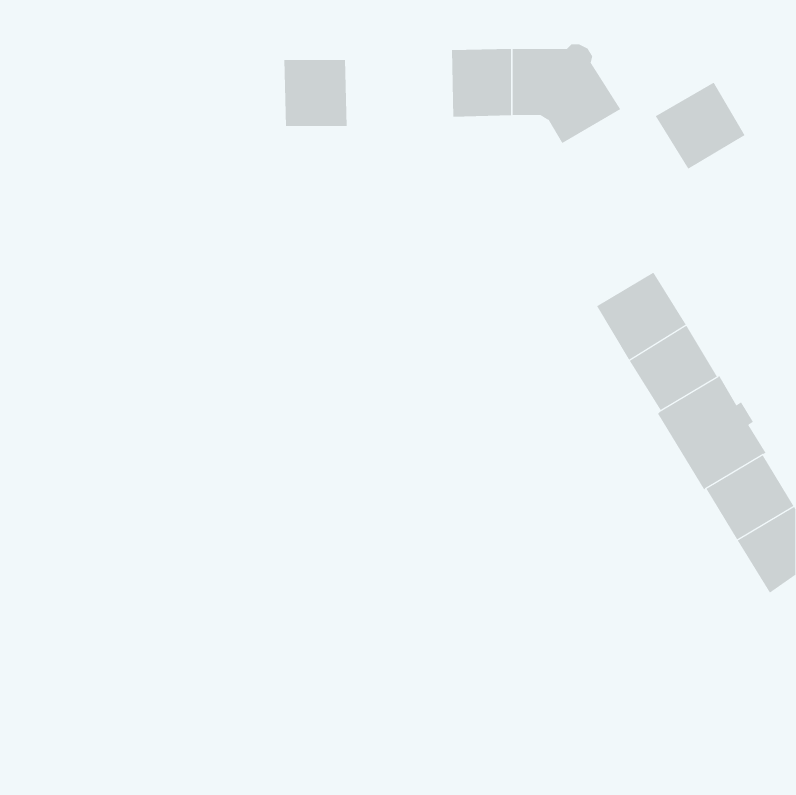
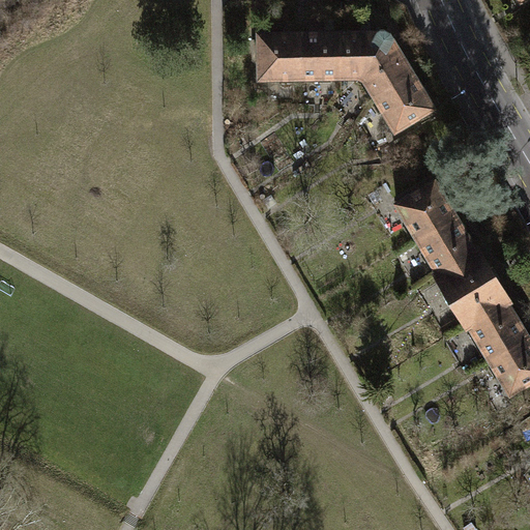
building: [284,59,348,127] -> [258,35,300,80]
building: [655,82,746,169] -> [373,75,433,132]

